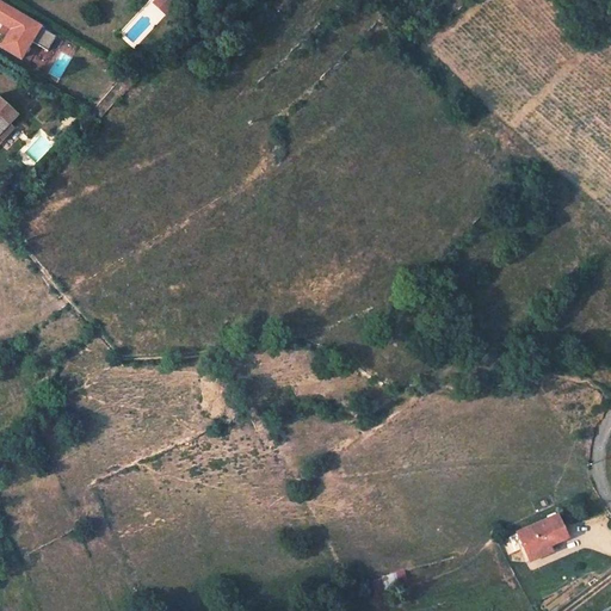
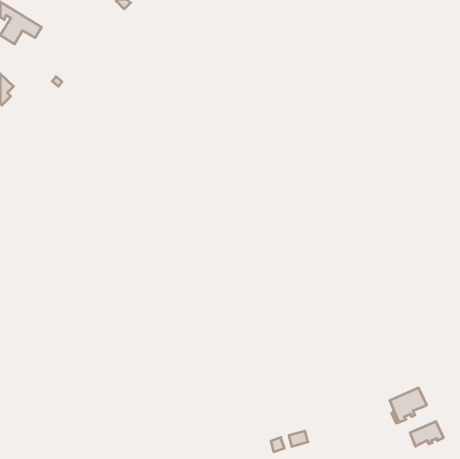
building: none -> [410,421,443,446]

